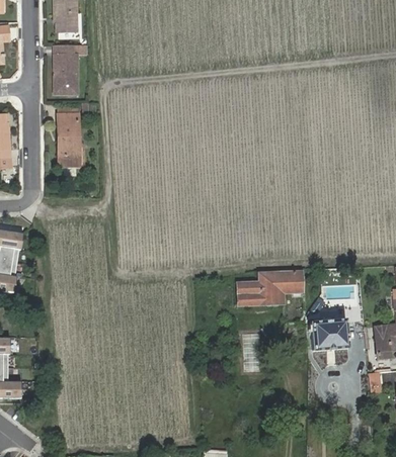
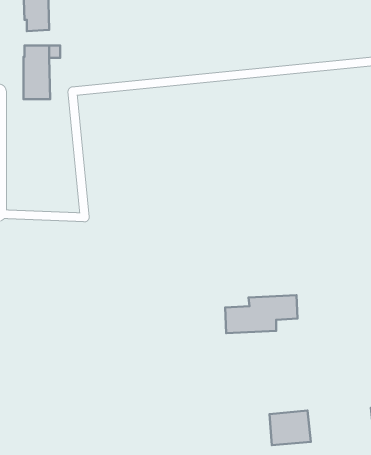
building: [57,113,80,166] -> none
building: [311,319,348,351] -> [270,411,311,445]

